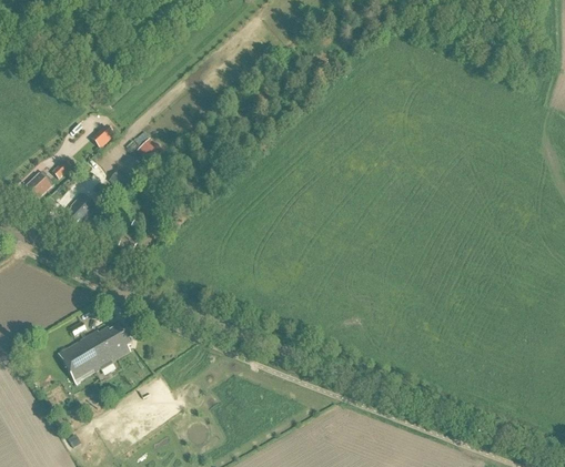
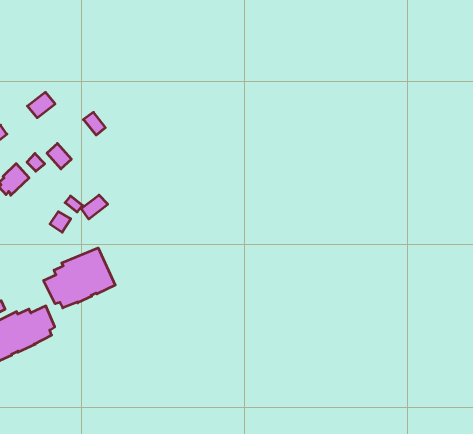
building: none -> [44,248,115,308]

